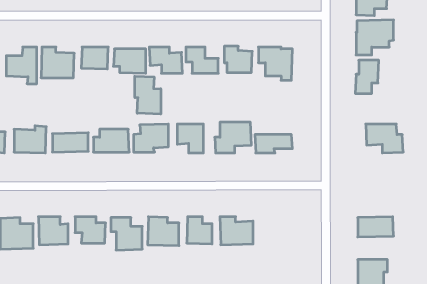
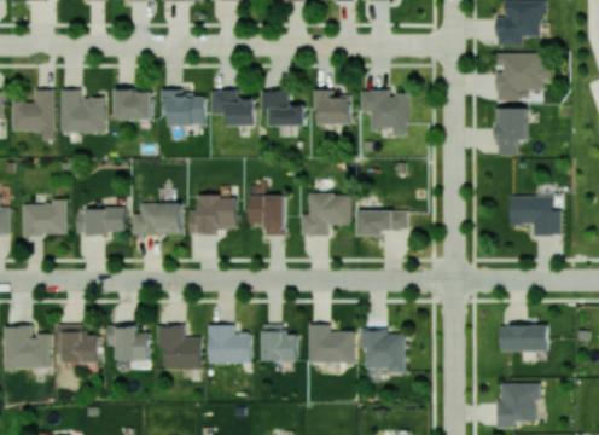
building: [135,76,161,114] -> none
building: none -> [361,330,405,372]

